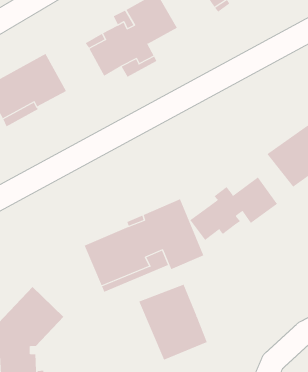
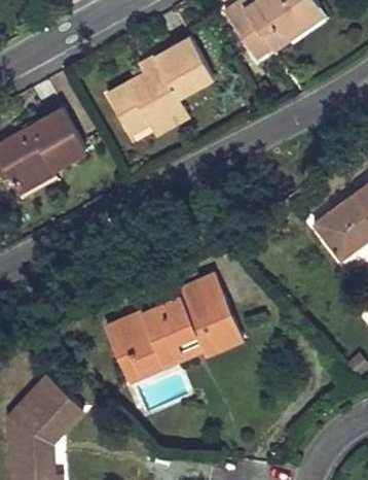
building: [189,176,278,241] -> none
building: [138,284,207,360] -> none

